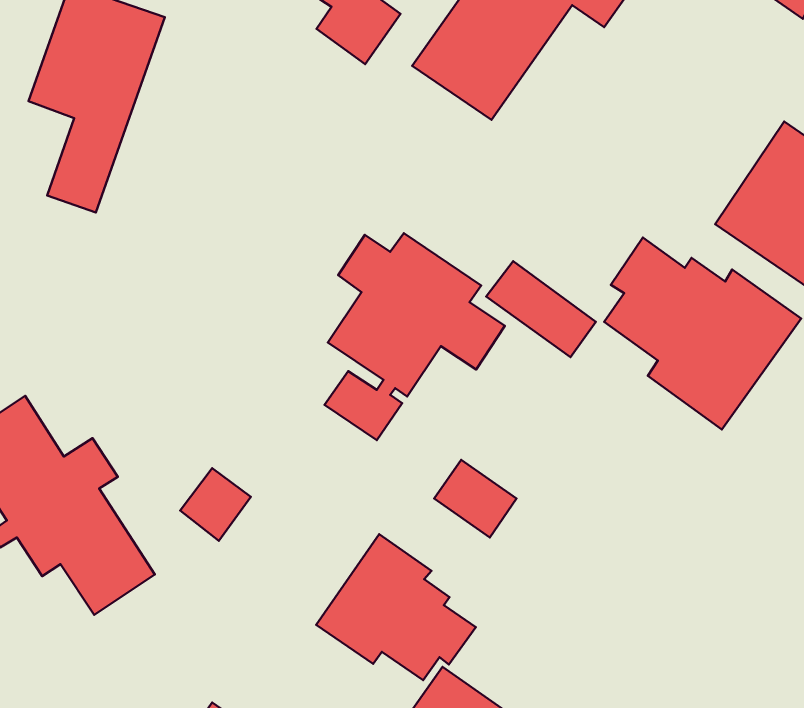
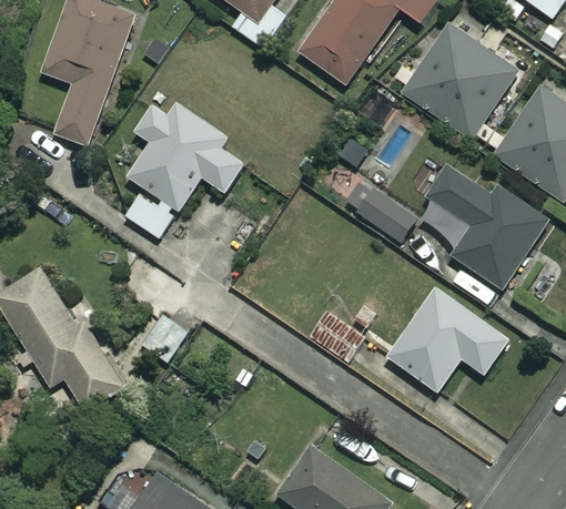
building: none -> [402,24,515,138]
building: [325,233,505,440] -> [124,103,243,240]
building: none -> [384,286,508,393]
building: [316,534,476,680] -> none

